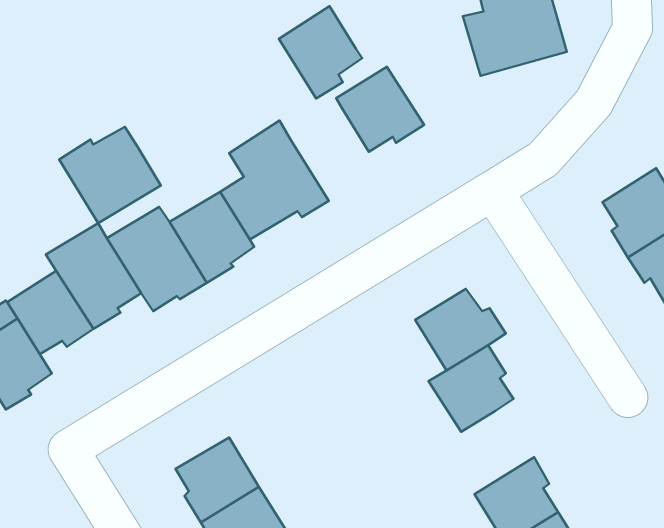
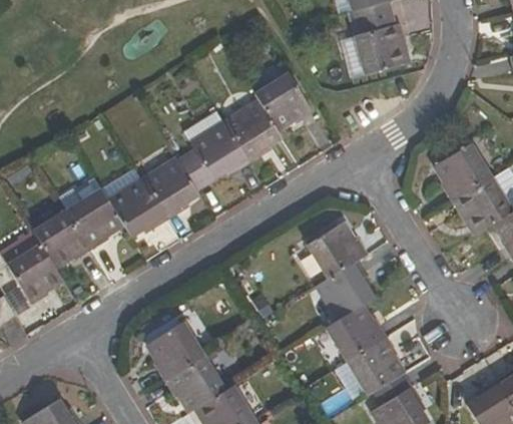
building: [279,6,362,98] -> [224,101,281,163]
building: [59,127,161,223] -> none
building: none -> [327,305,388,361]

